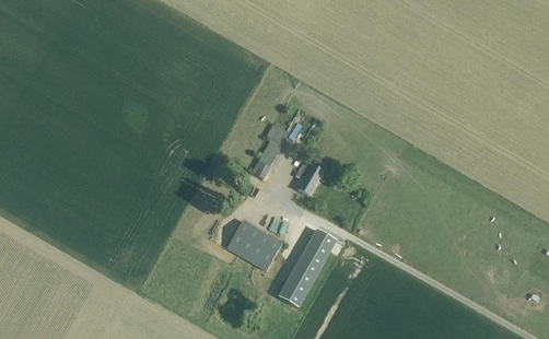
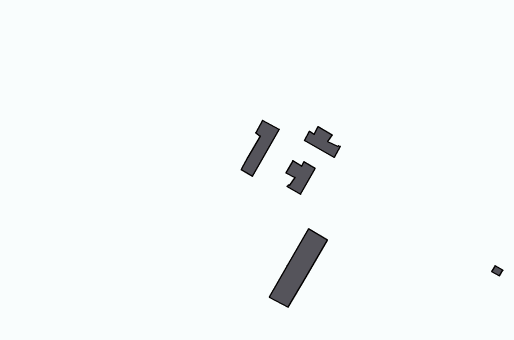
building: none -> [305,127,340,157]
building: [225,220,281,270] -> none

